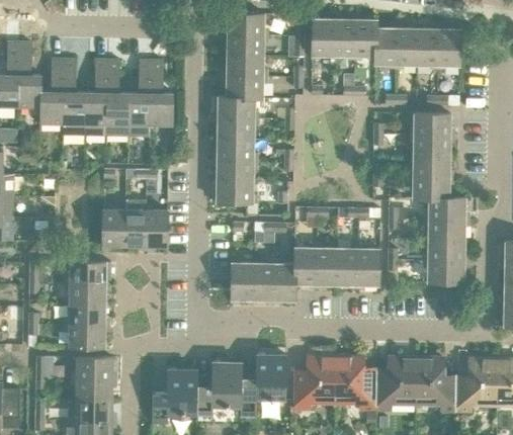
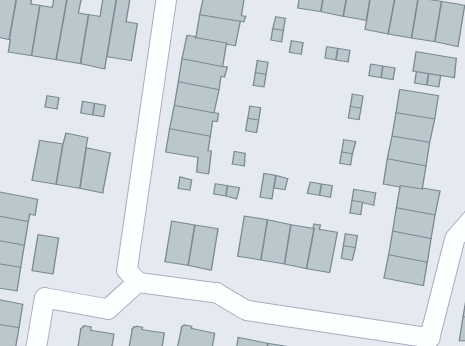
building: none -> [413,52,456,78]
building: [274,263,296,300] -> none
building: none -> [32,235,59,274]

